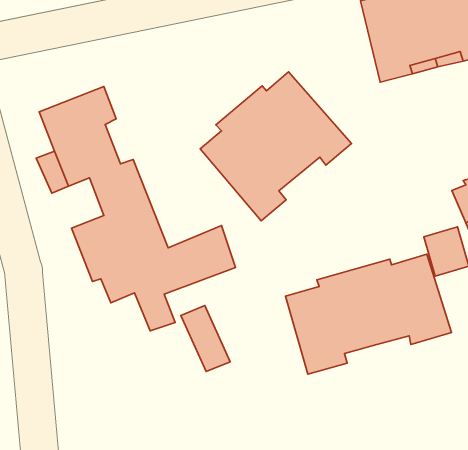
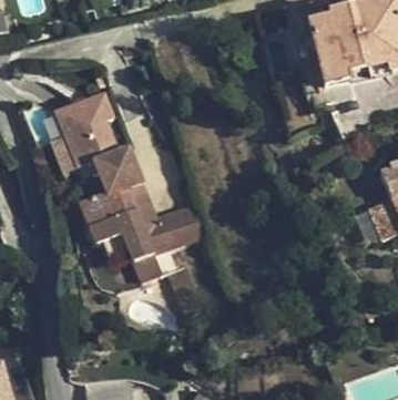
building: [200,72,352,221] -> none
building: [285,254,452,374] -> none

